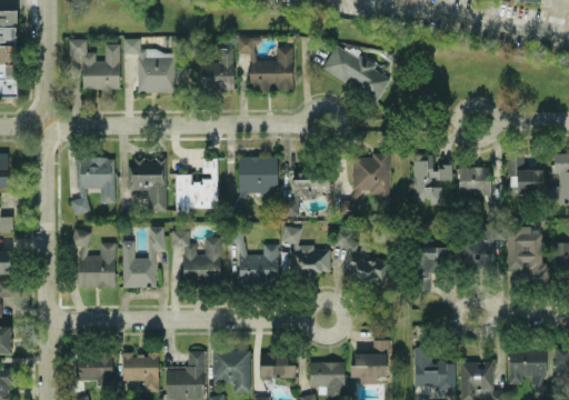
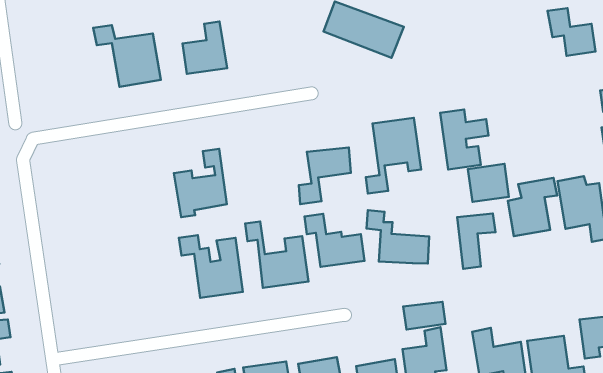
building: [238,38,293,92] -> none
building: [69,39,120,92] -> none
building: [507,153,543,194] -> [547,8,596,56]
building: [237,157,278,214] -> none
building: [72,158,116,214] -> none
building: [128,158,167,212] -> none
building: [459,168,491,197] -> [468,164,509,202]
building: [123,228,163,289] -> none
building: [73,231,116,289] -> none
building: none -> [403,302,446,330]

